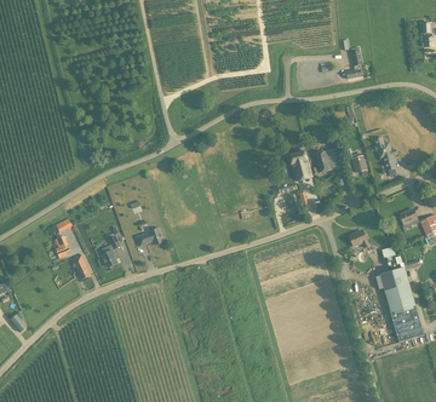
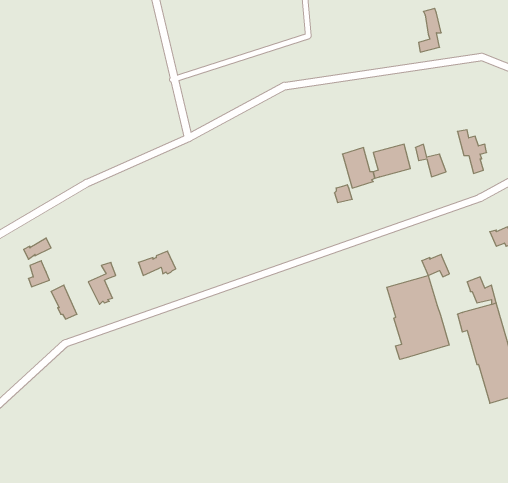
building: none -> [387,275,449,359]

